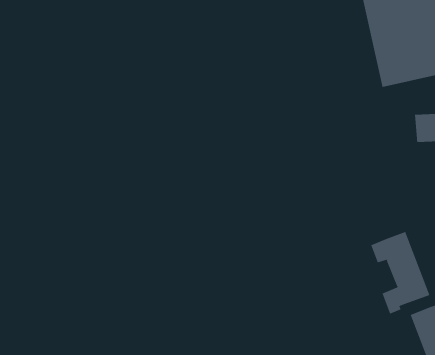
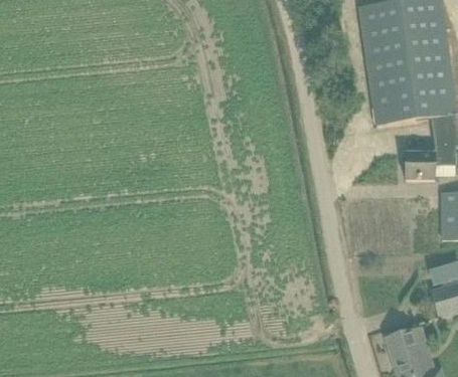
building: [371,231,430,315] -> none

